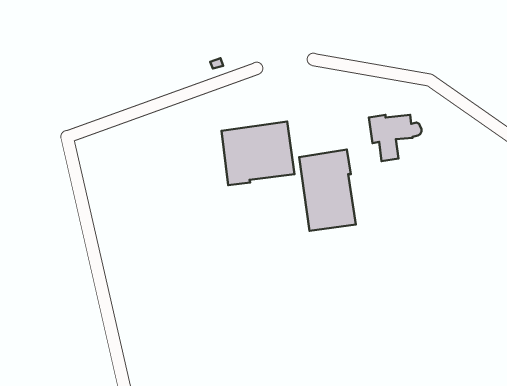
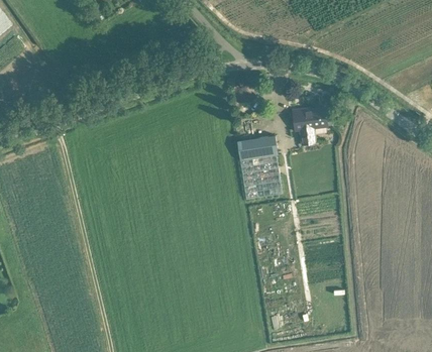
building: [222,122,295,185] -> none

